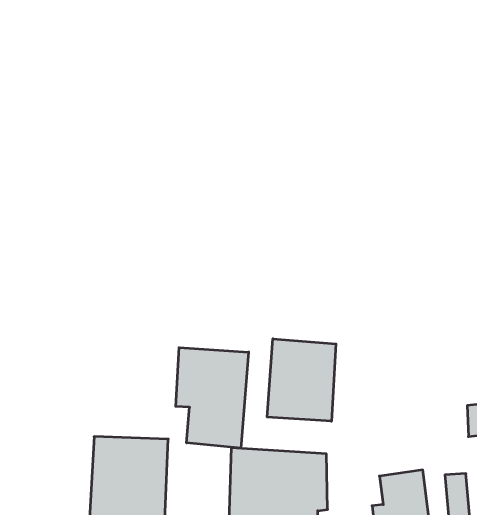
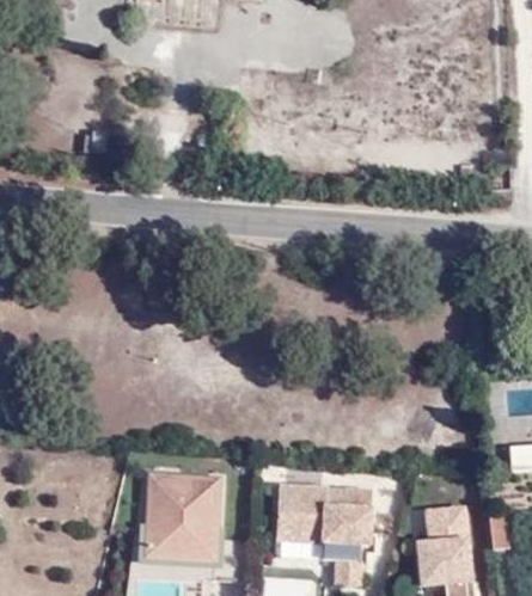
building: [267,339,336,421] -> none
building: [176,348,249,448] -> none

